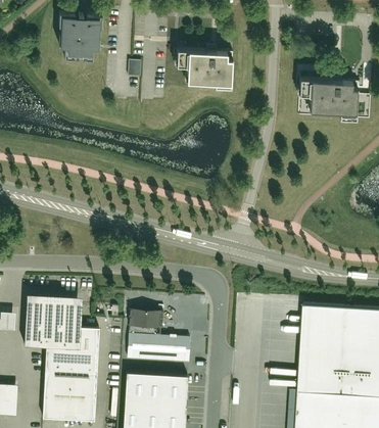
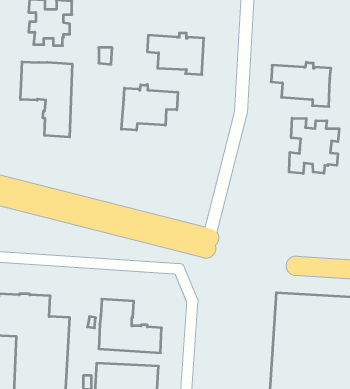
building: none -> [21,62,72,137]
building: none -> [121,84,178,130]
building: none -> [289,118,339,174]

